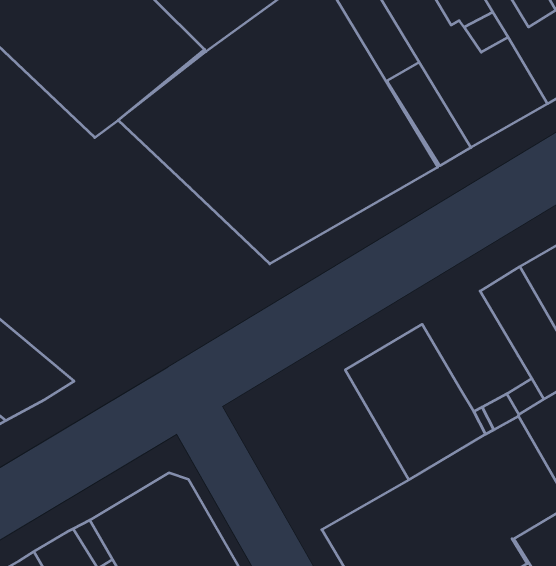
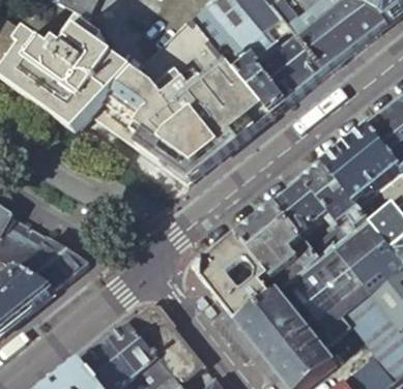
building: none -> [274,179,328,234]
building: none -> [198,233,279,322]

